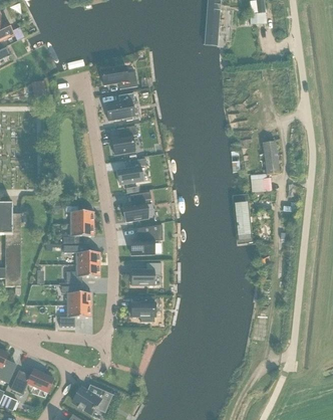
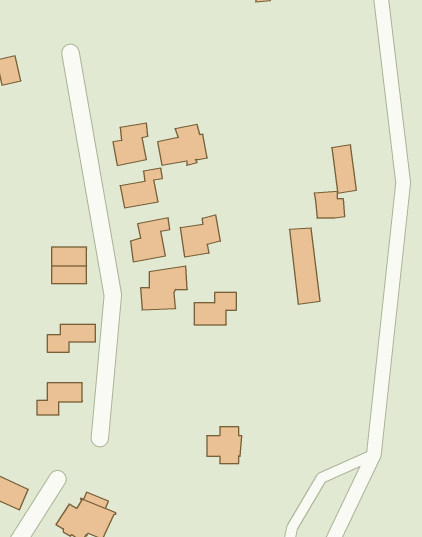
building: [99,65,135,88] -> none
building: [104,92,138,121] -> [158,124,207,165]
building: none -> [180,215,220,257]
building: [62,245,98,264] -> none
building: [130,262,159,284] -> [194,293,236,325]
building: [60,286,89,304] -> none
building: [130,296,154,322] -> [207,427,242,463]

